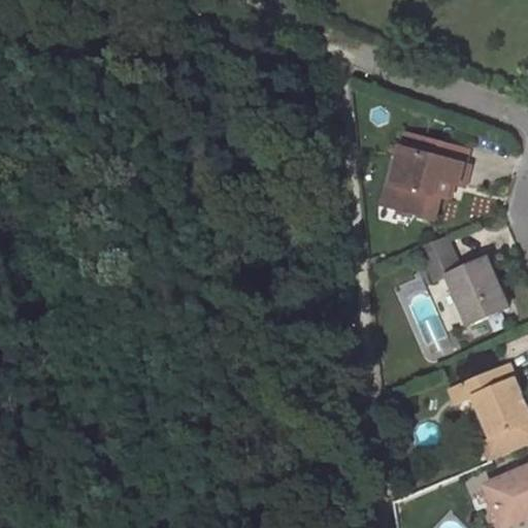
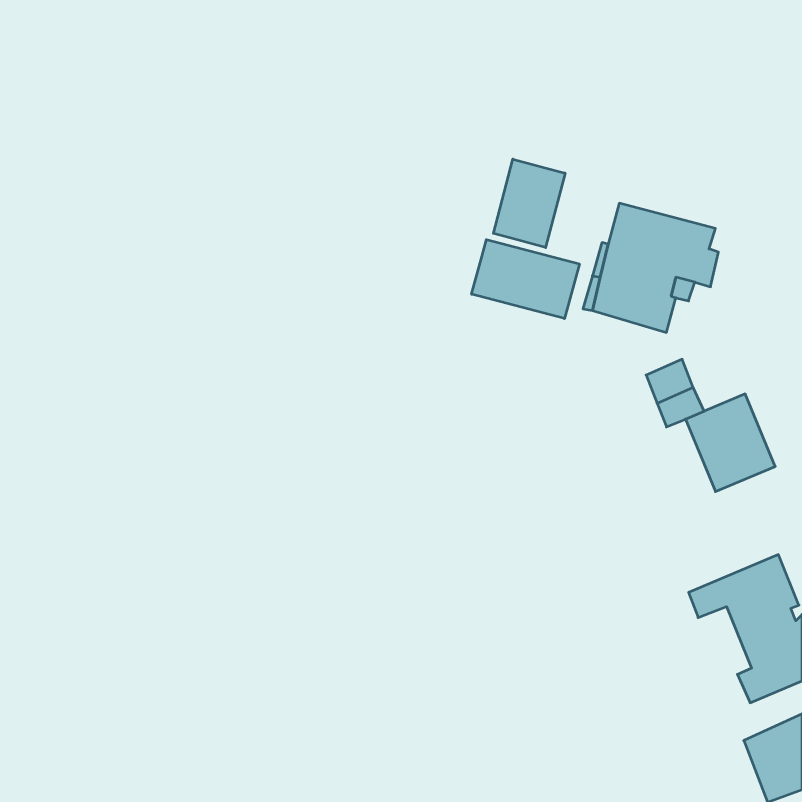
building: none -> [493,159,565,248]
building: none -> [472,240,579,319]

